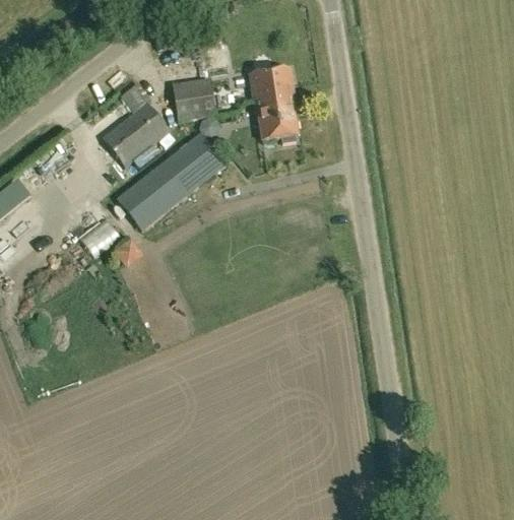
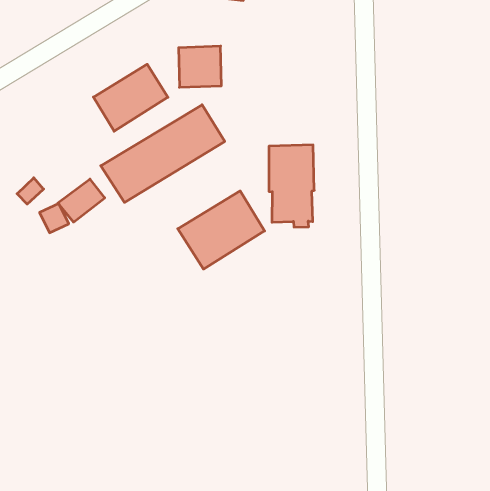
building: [251,66,299,142] -> [269,145,314,227]
building: none -> [178,191,265,269]

